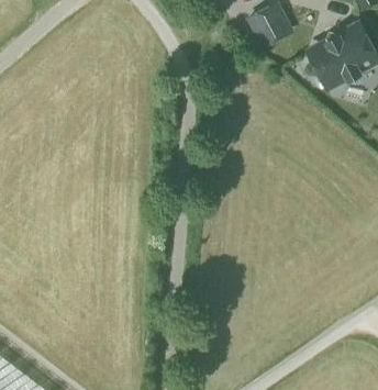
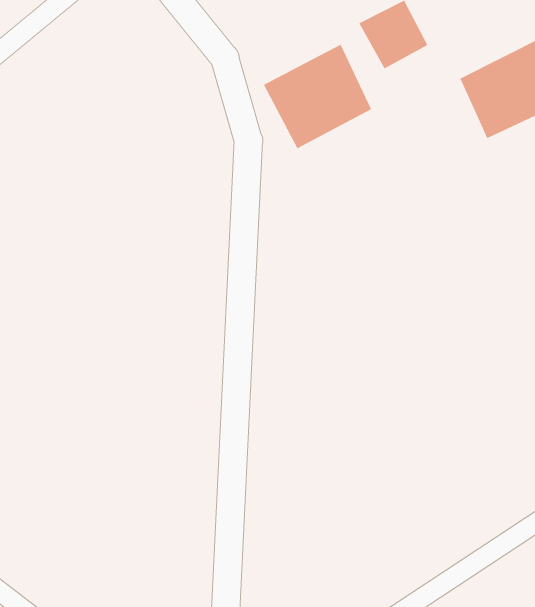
building: none -> [263,44,372,149]

